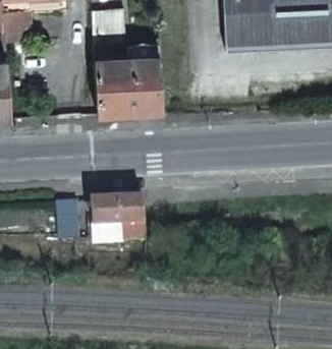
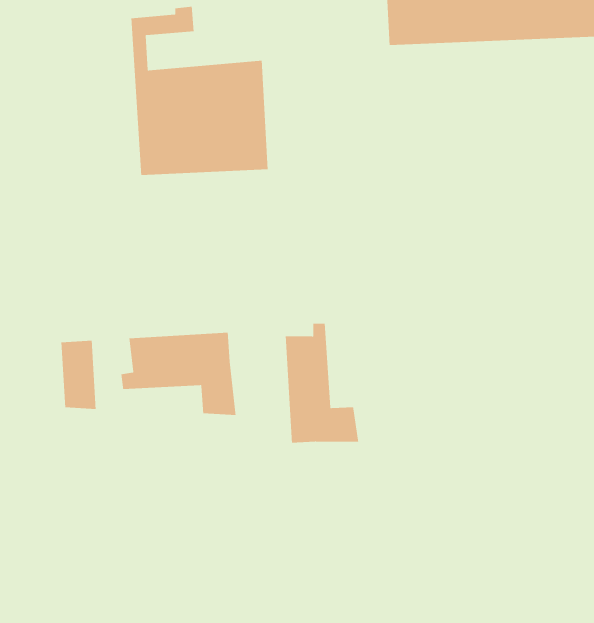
building: none -> [285,323,359,443]

